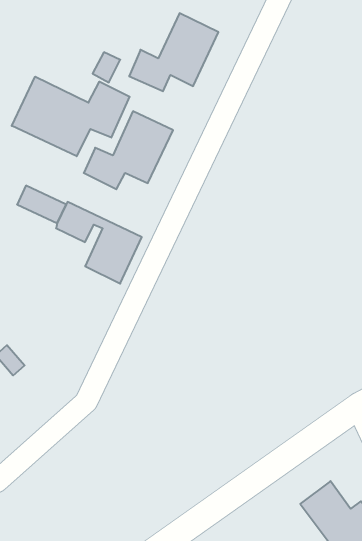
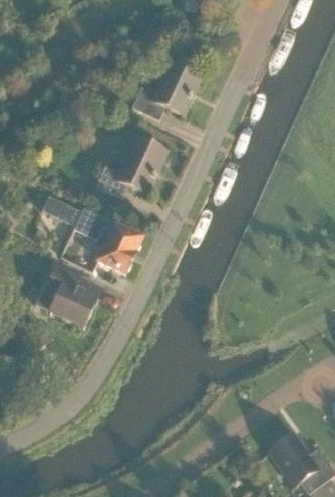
building: [12,77,130,156] -> none
building: none -> [35,265,96,326]

